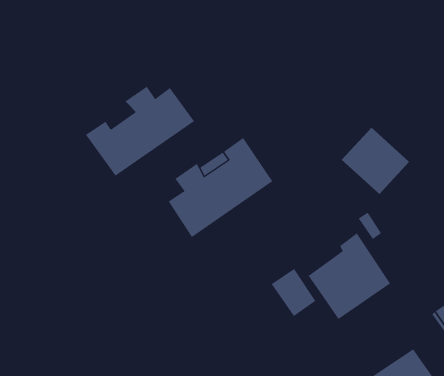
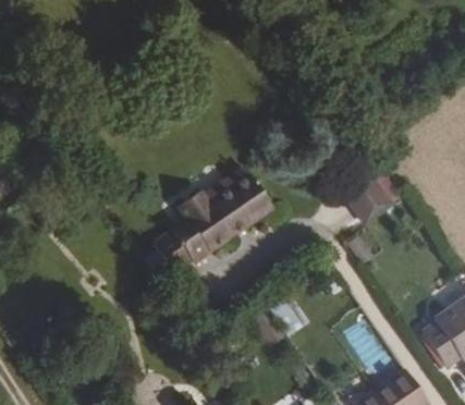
building: [85,86,195,176] -> none
building: [308,233,391,320] -> none

